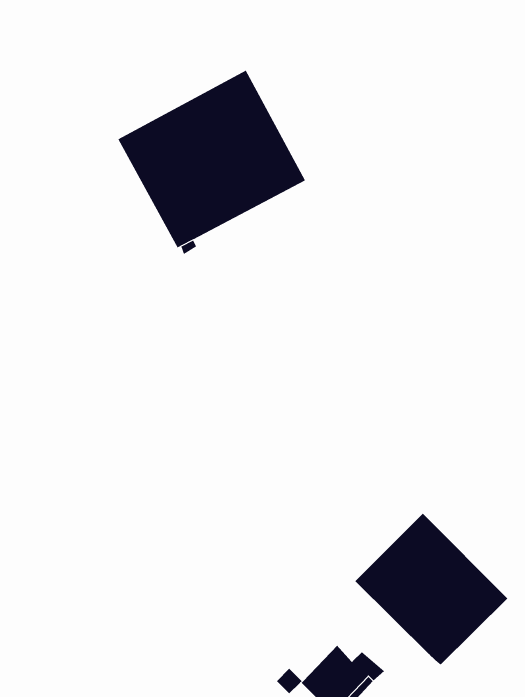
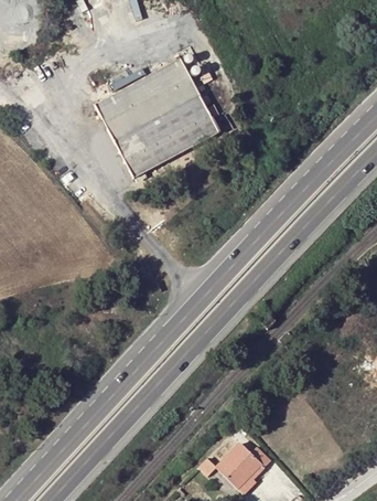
building: [355,513,508,666] -> none

